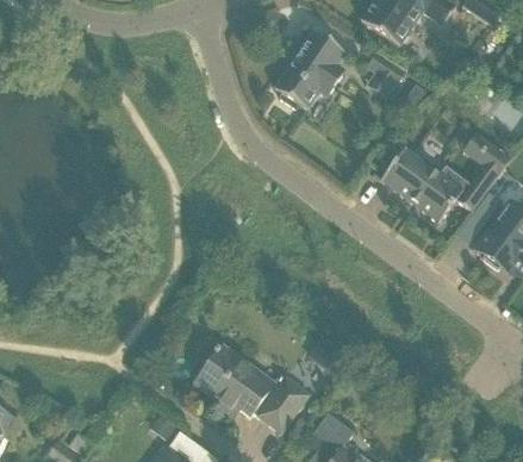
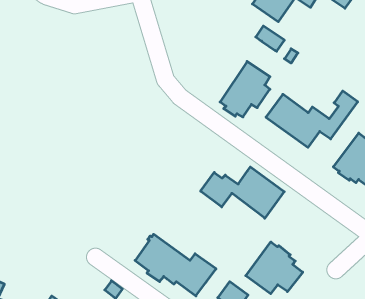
building: [274,30,344,108] -> [220,61,270,117]
building: none -> [201,167,284,218]
building: none -> [246,242,303,294]

